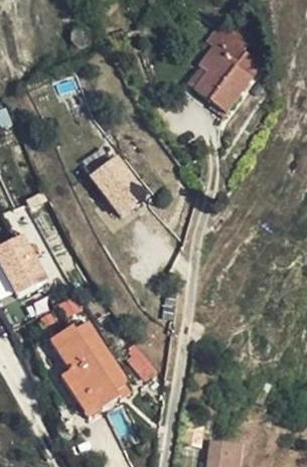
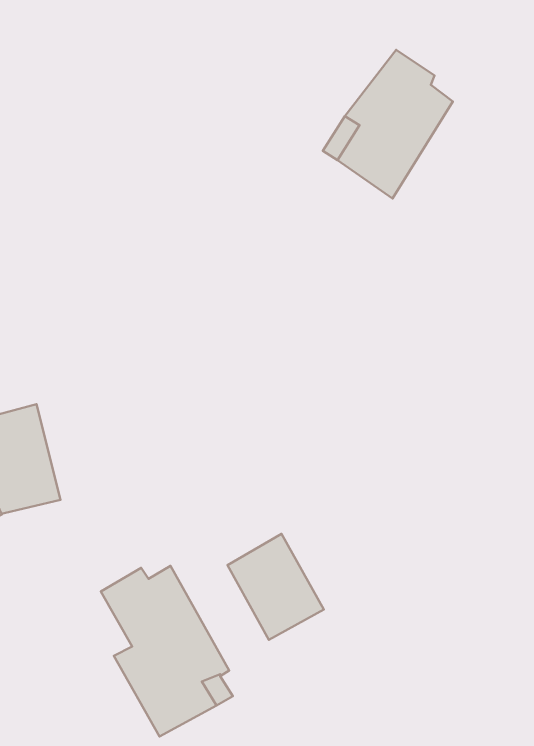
building: [86,150,147,215] -> none
building: none -> [228,534,324,640]

